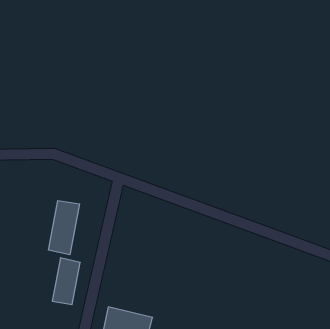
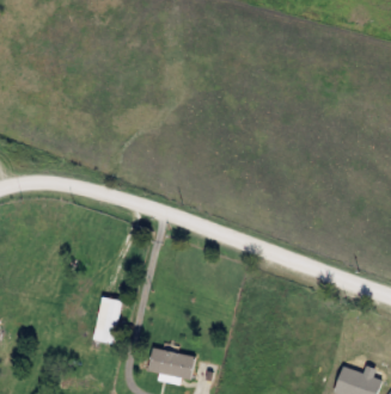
building: [49,201,80,255] -> none

